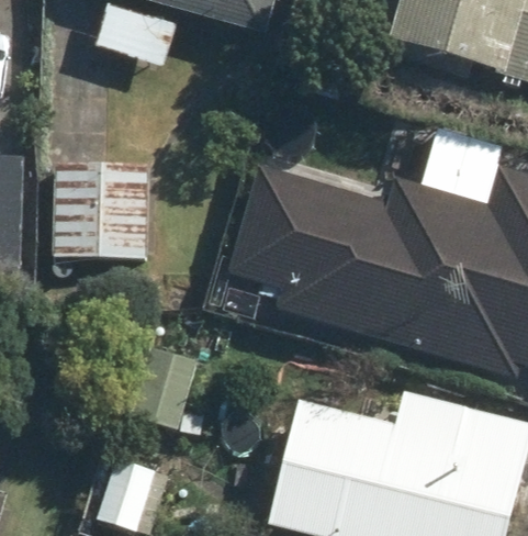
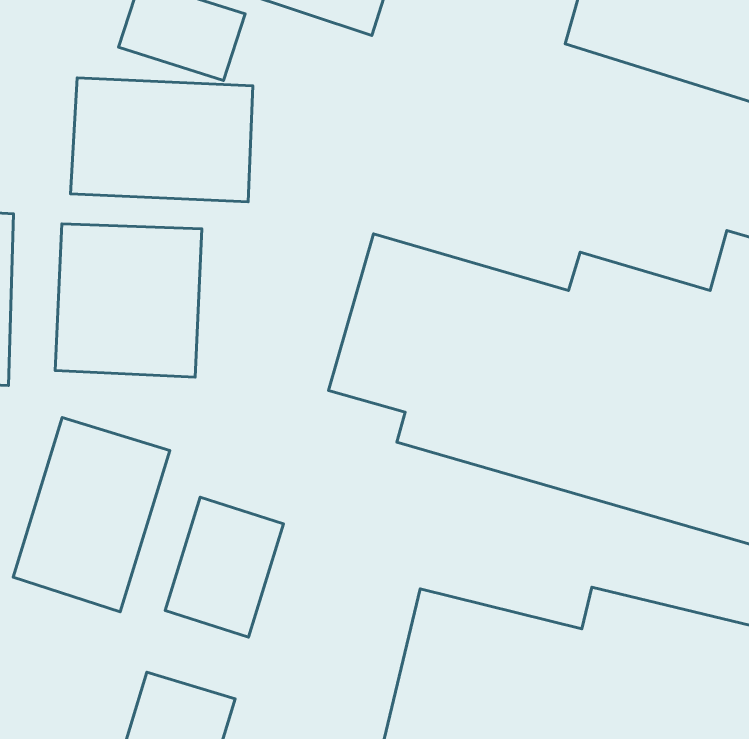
building: none -> [70,78,253,202]
building: none -> [13,418,170,612]

